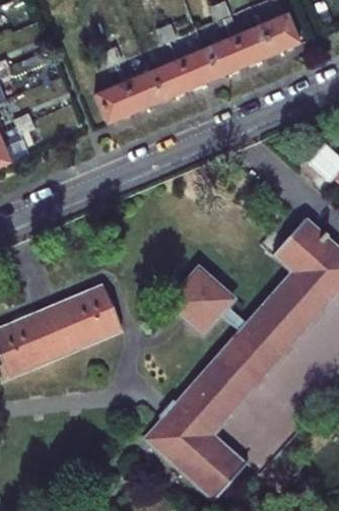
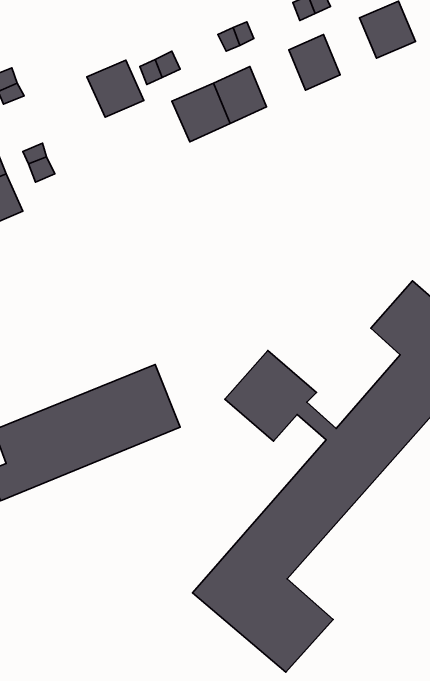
building: [238,22,276,64] -> none
building: [184,46,224,87] -> none
building: [98,83,140,125] -> [87,60,144,117]

